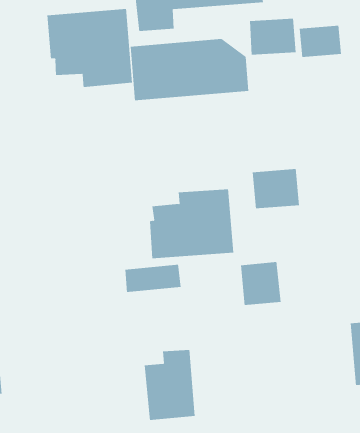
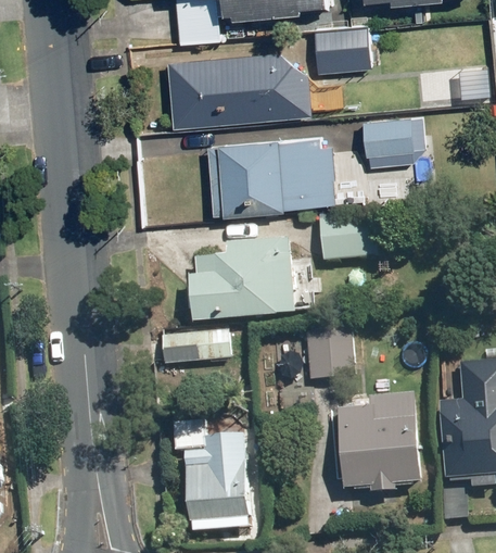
building: [47,8,132,88] -> none
building: [299,25,342,58] -> [361,116,415,156]
building: none -> [206,136,336,215]
building: none -> [336,393,422,490]

